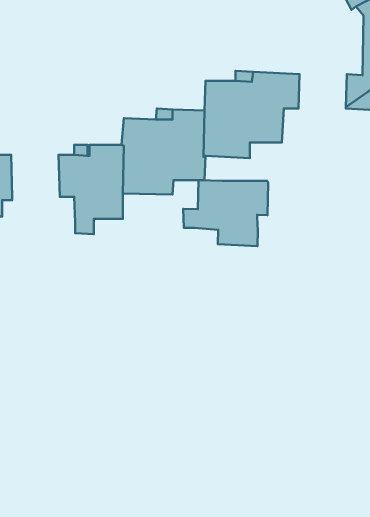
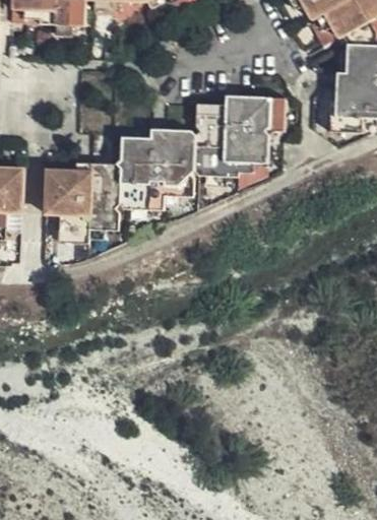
building: none -> [46,171,76,233]
building: [183,180,268,246] -> none

